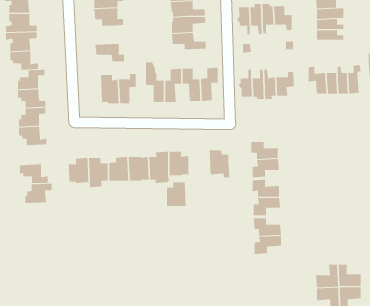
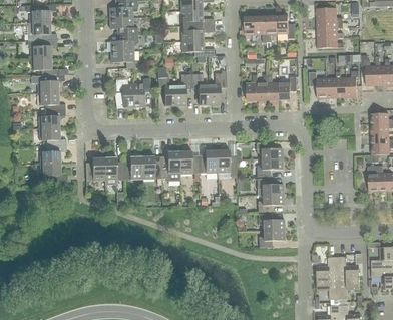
building: none -> [110,33,138,51]
building: [166,182,186,207] -> [199,149,218,173]
building: [24,183,52,204] -> [40,144,66,164]

